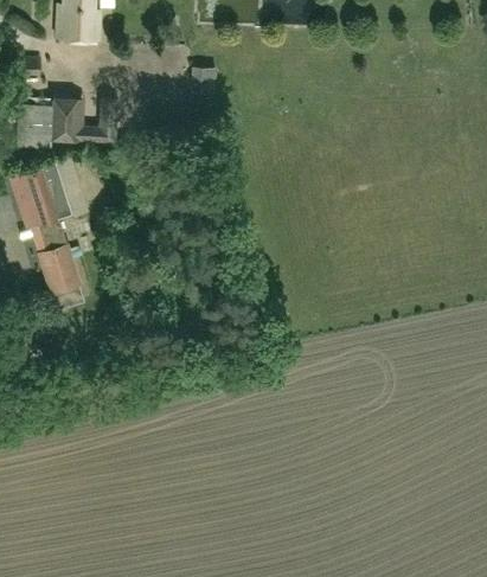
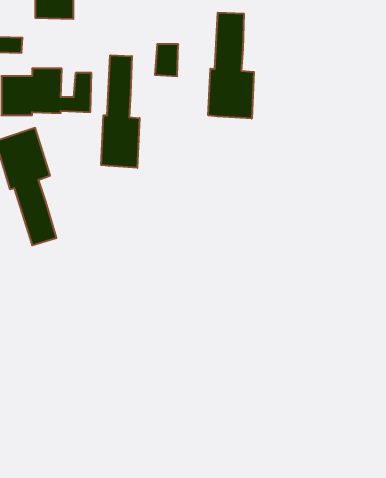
building: none -> [208,13,254,119]
building: none -> [101,55,140,168]

